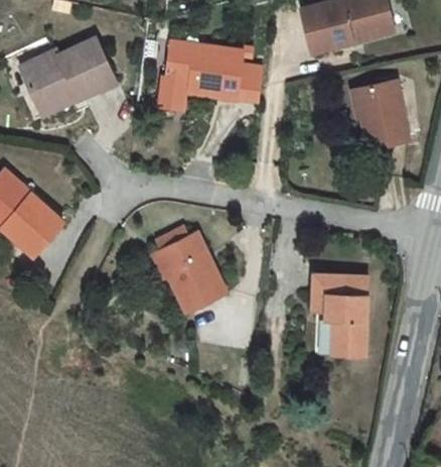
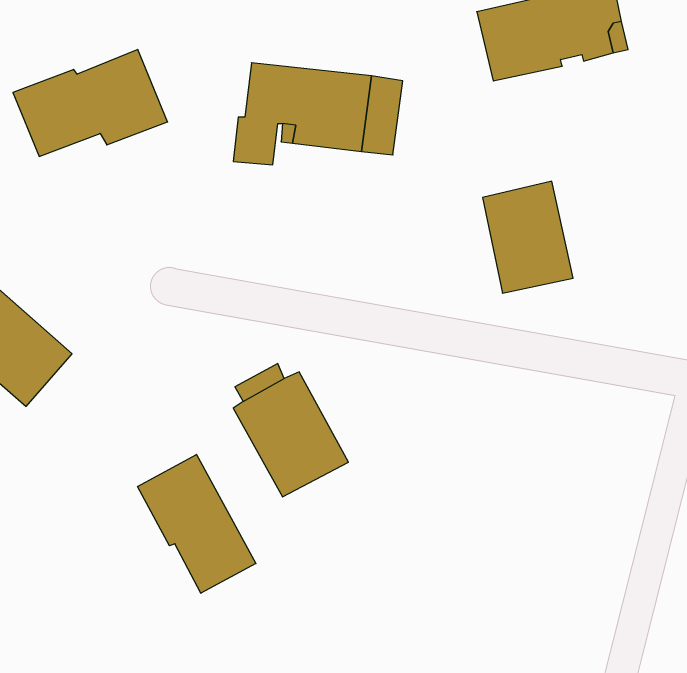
building: [354,79,410,147] -> [483,181,573,293]
building: [314,273,366,352] -> none
building: none -> [138,454,256,593]

